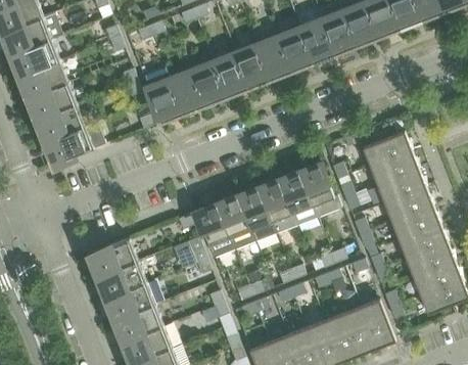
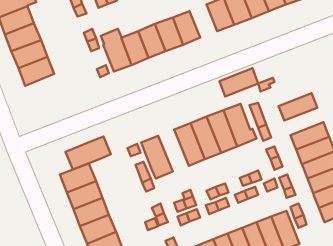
building: [255,37,290,79] -> none
building: [47,121,104,163] -> [66,136,111,170]
building: [361,130,410,166] -> [220,68,258,96]
building: [375,168,425,202] -> none
building: [216,195,254,248] -> none

